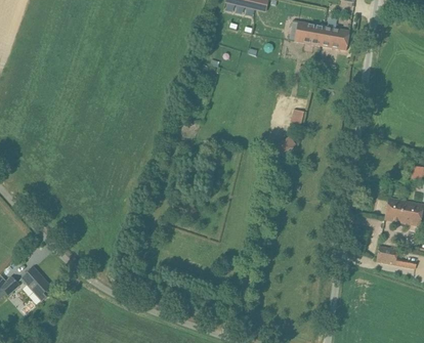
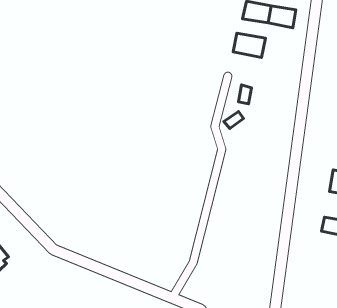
building: none -> [233,33,265,58]

